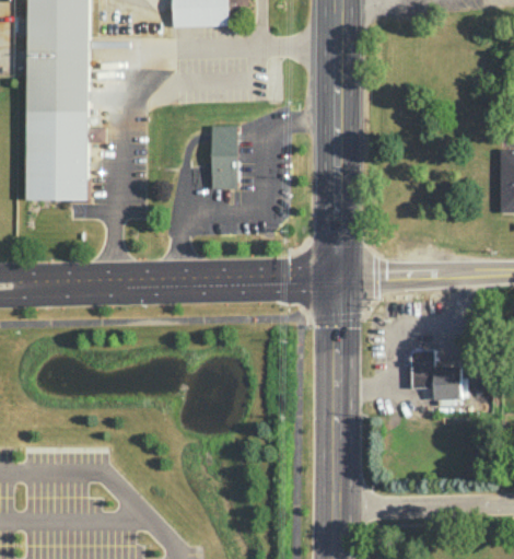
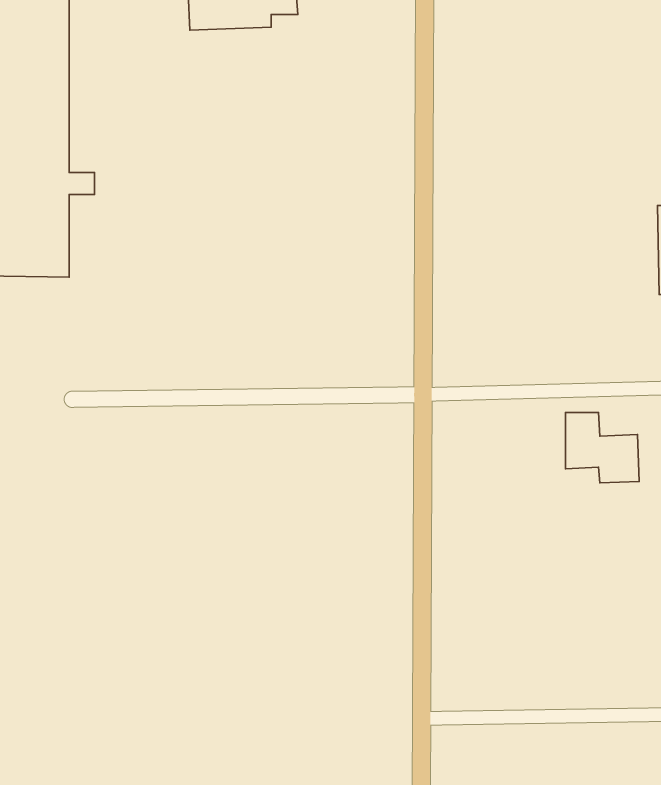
building: [211,125,238,187] -> none
building: [410,349,462,398] -> [565,413,639,483]

